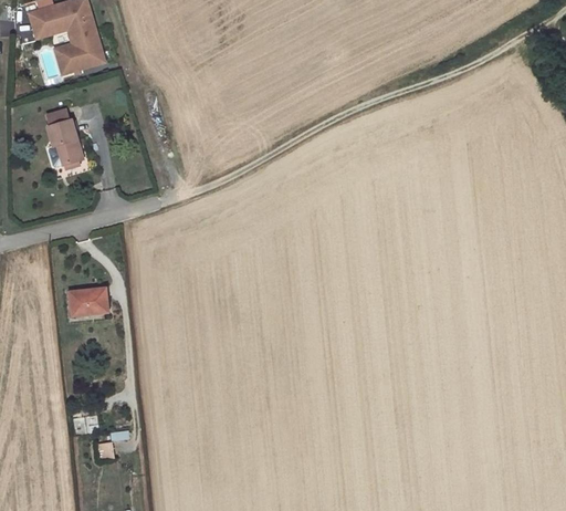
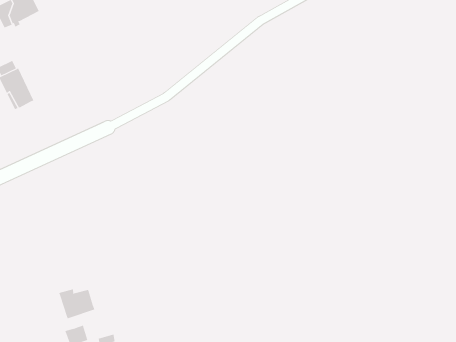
building: [69,288,107,314] -> none
building: none -> [59,289,95,319]

